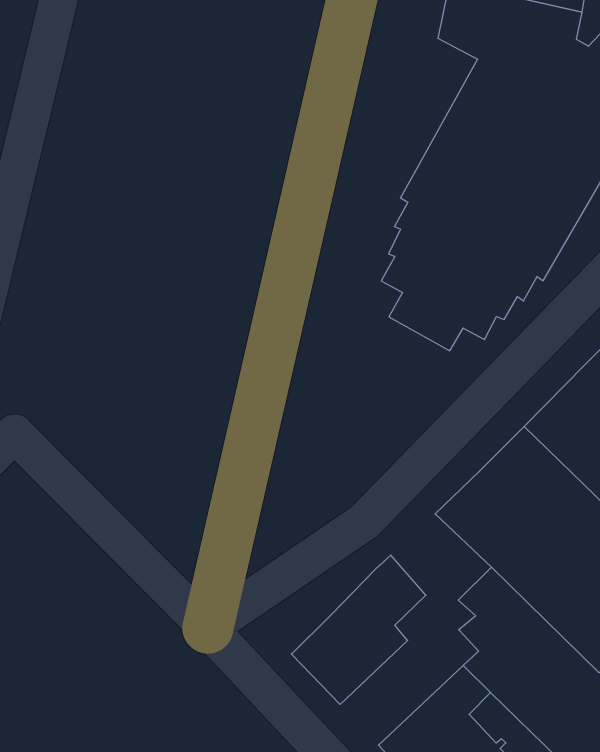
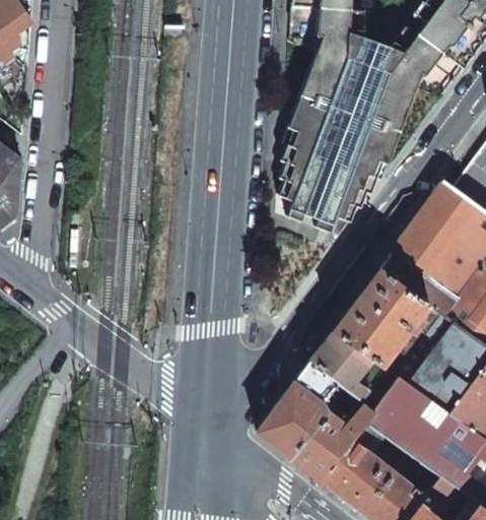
building: none -> [308,332,371,401]
building: none -> [291,404,371,479]

